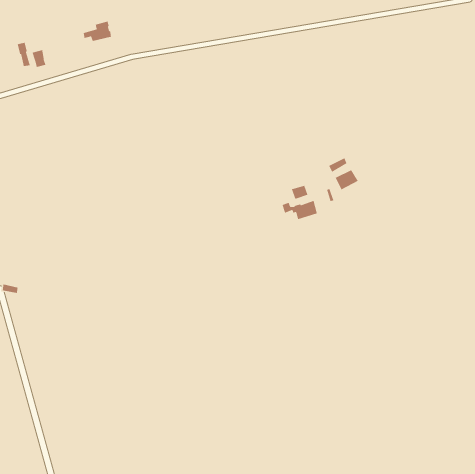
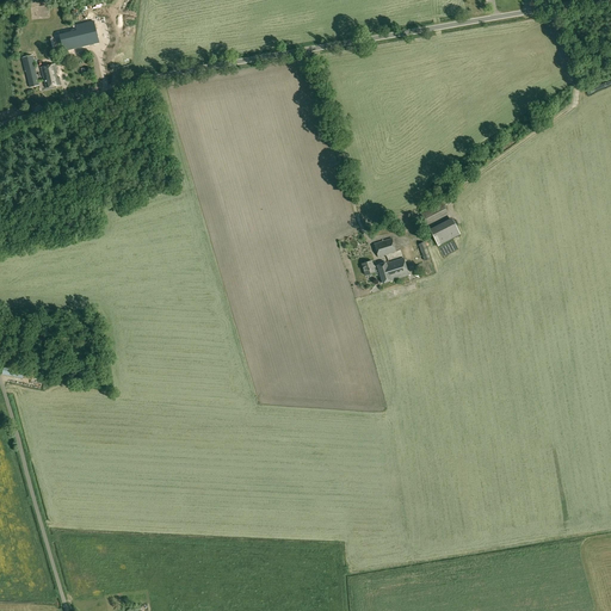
building: [83,20,112,42] -> [61,20,98,48]

